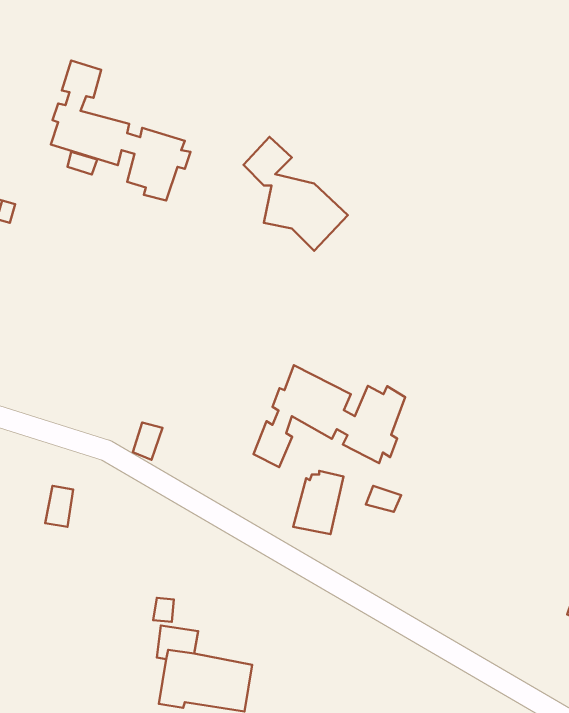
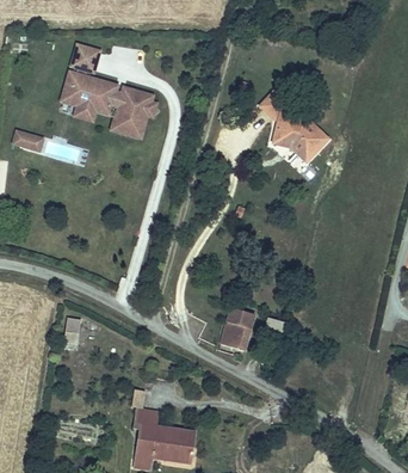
building: [243,137,348,251] -> [259,87,326,160]
building: [254,365,405,467] -> none

